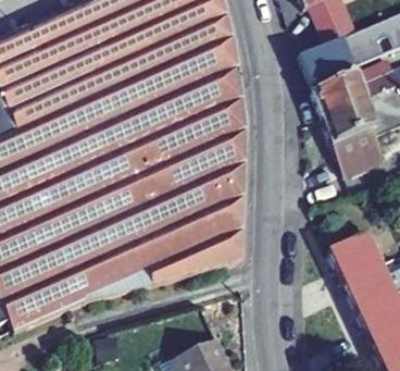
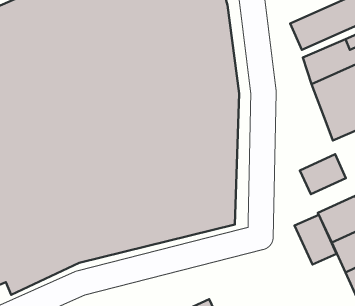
building: none -> [300,154,346,194]
building: none -> [294,215,337,265]

